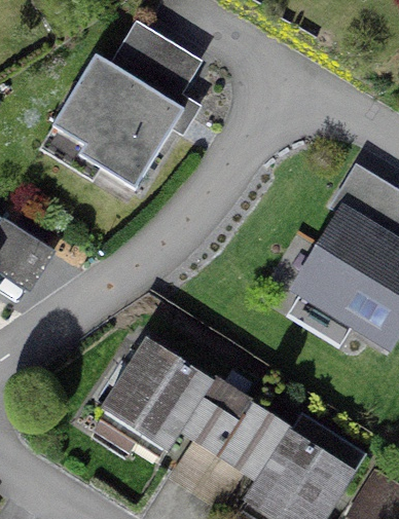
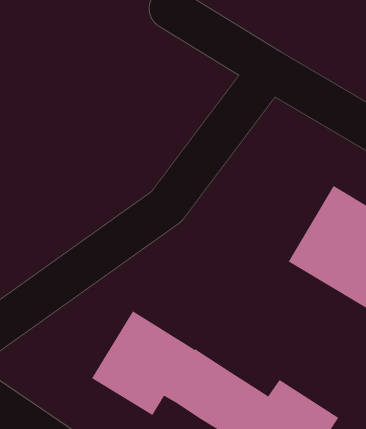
building: [59,25,208,188] -> none

